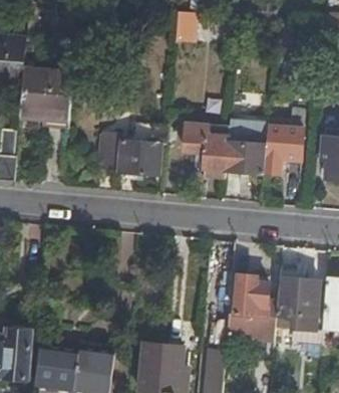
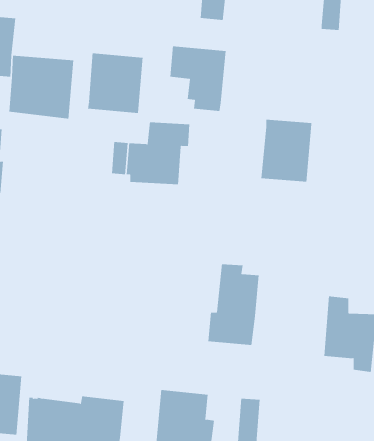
building: none -> [87,53,143,114]
building: [262,105,304,174] -> none
building: [182,124,228,177] -> [170,46,226,111]
building: [226,274,268,341] -> [208,264,259,345]

